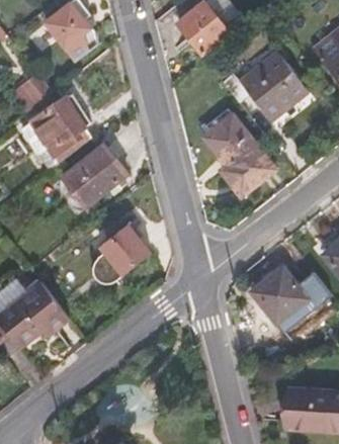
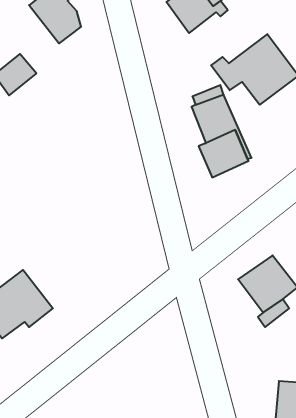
building: [23,99,93,169] -> none
building: [70,136,135,198] -> none
building: [85,227,147,283] -> none

